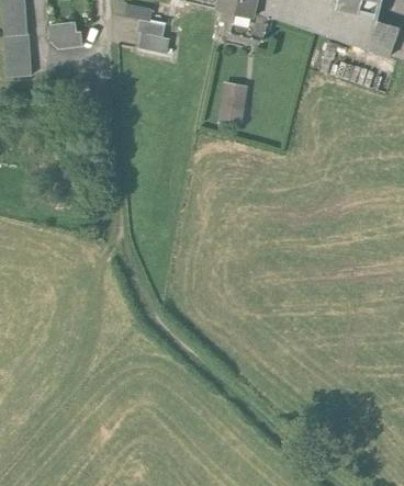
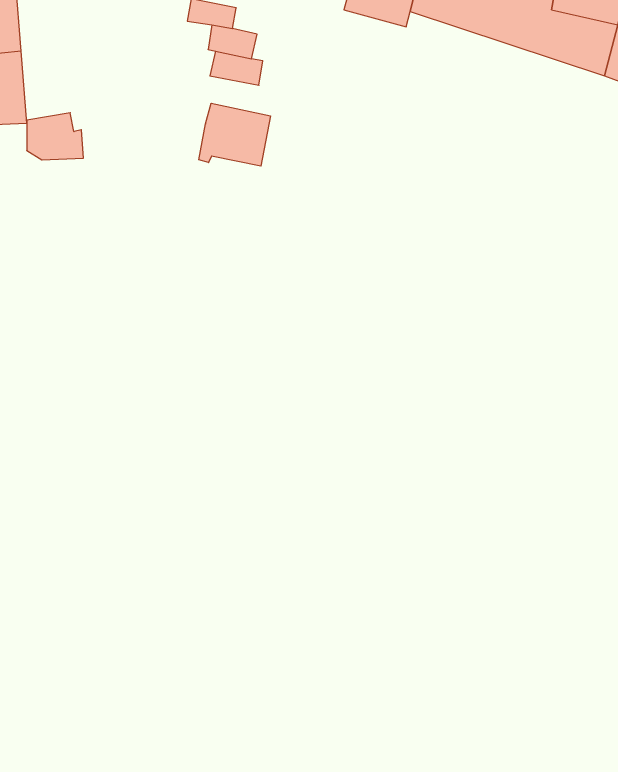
building: [49,21,82,48] -> [27,113,83,160]
building: none -> [199,103,270,166]
building: [217,80,247,123] -> none

